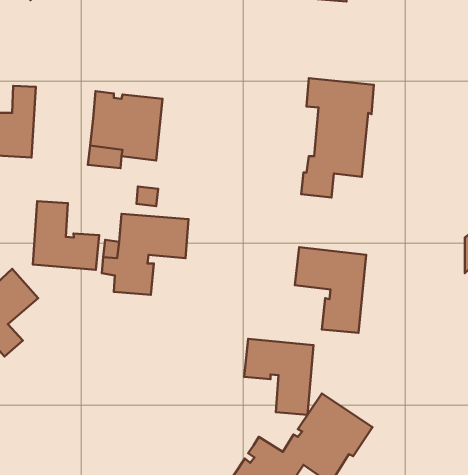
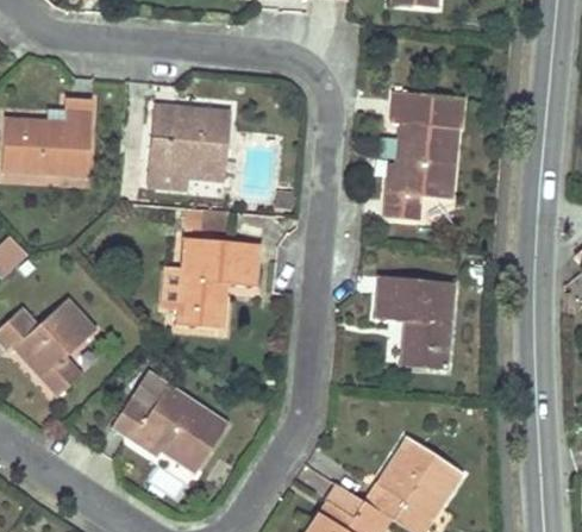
building: [33,201,99,270] -> none
building: none -> [113,373,225,468]
building: [244,339,313,415] -> none

